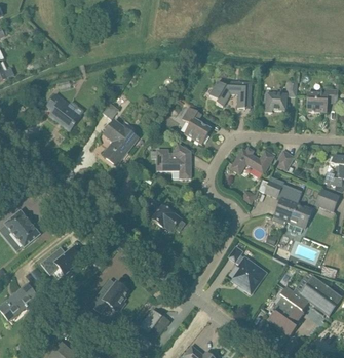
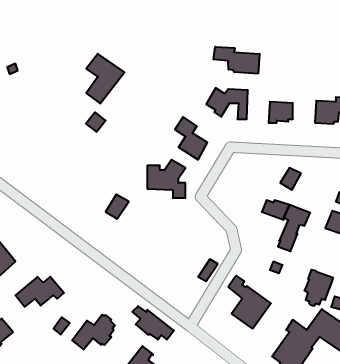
building: none -> [213,47,260,74]
building: [47,93,83,130] -> none
building: [104,120,138,164] -> [86,54,124,104]
building: [231,148,274,173] -> none
building: [149,201,186,231] -> [132,306,174,340]
building: [286,201,312,233] -> [304,270,333,306]

